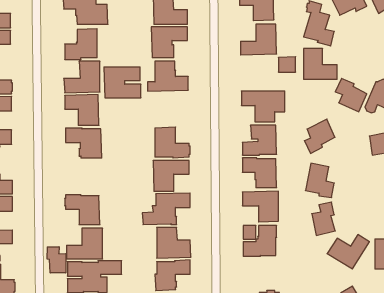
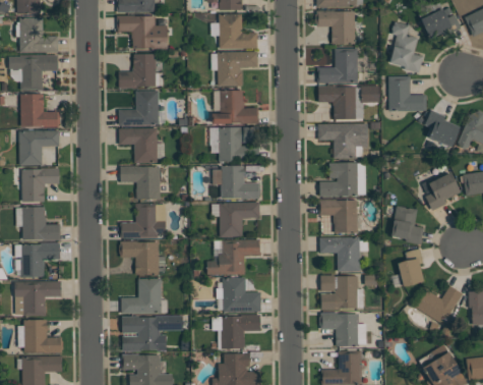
building: none -> [318,86,356,119]
building: [104,67,141,98] -> [218,127,259,162]
building: [304,119,335,153] -> [425,172,460,211]
building: none -> [120,204,166,238]
building: [47,247,66,273] -> none
building: none -> [319,313,359,346]

